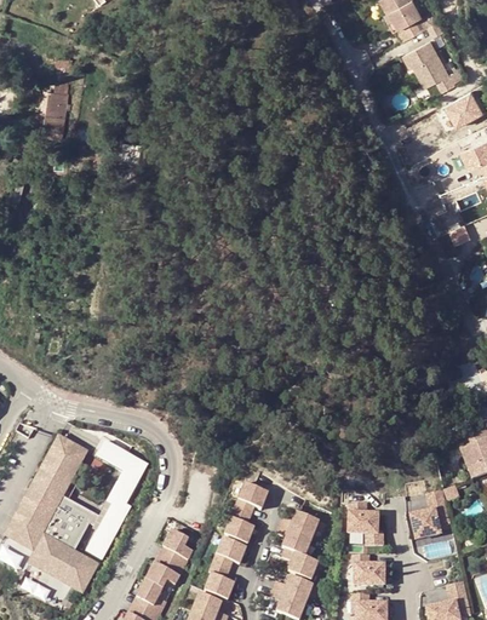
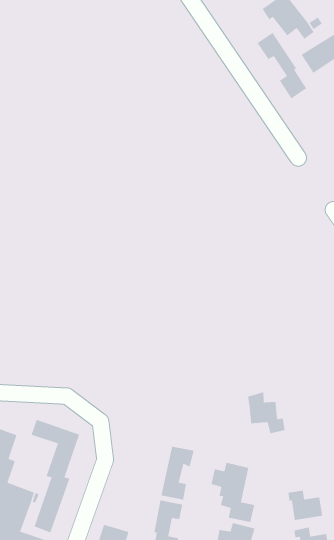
building: none -> [257,32,307,99]
building: [348,501,383,546] -> [247,391,286,434]
building: [157,532,193,569] -> none

